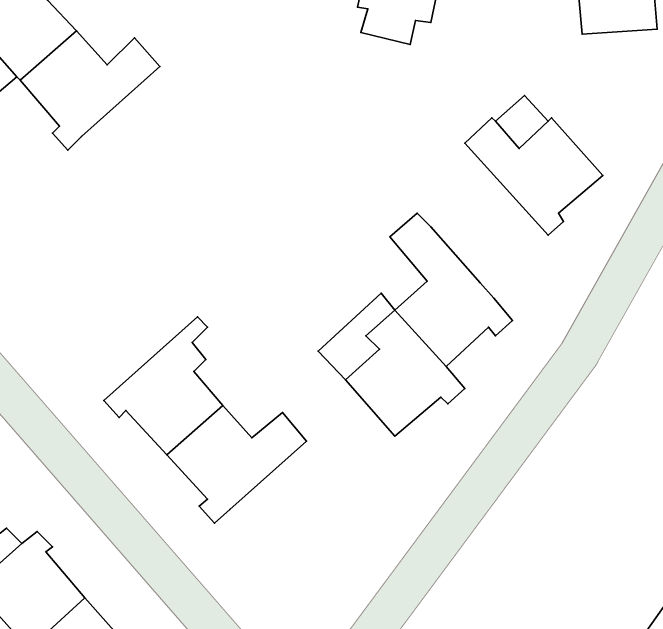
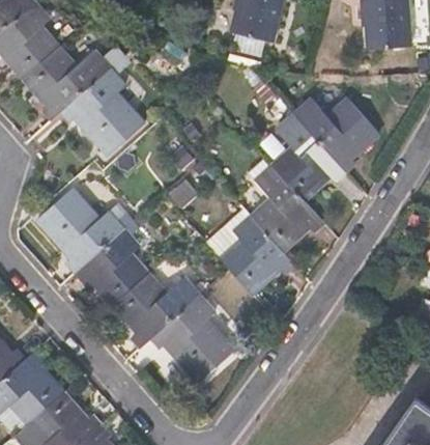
building: none -> [62,68,145,156]
building: none -> [275,115,346,200]
building: none -> [38,188,133,272]
building: none -> [152,297,233,382]

